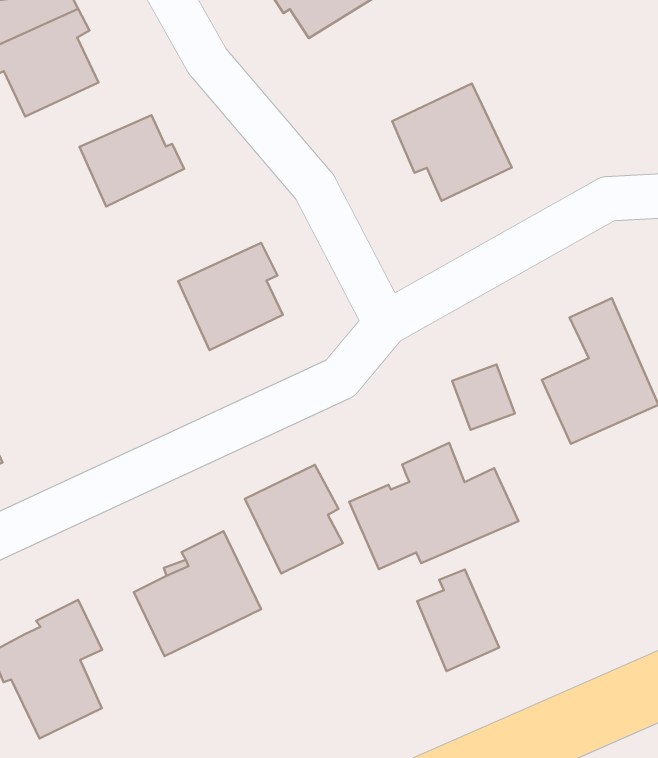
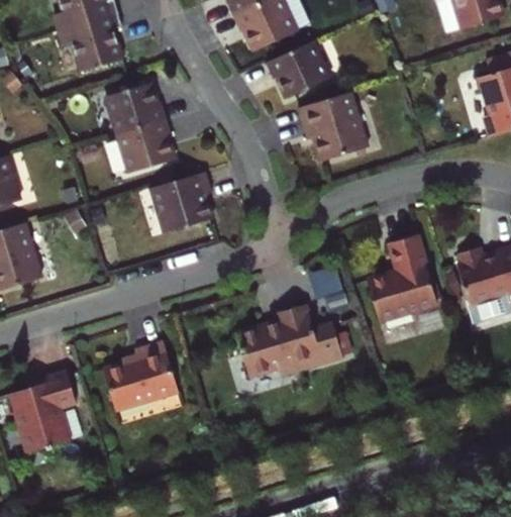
building: none -> [266,40,329,98]
building: none -> [117,118,175,175]
building: [245,465,343,573] -> none
building: [417,570,499,671] -> none

